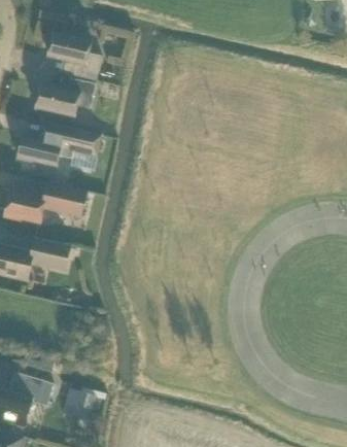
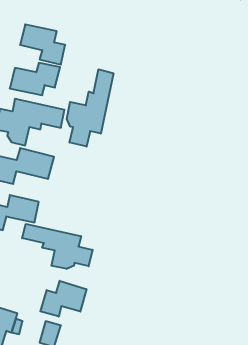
building: none -> [67,69,113,147]
building: none -> [22,224,93,269]
building: none -> [40,281,86,317]

